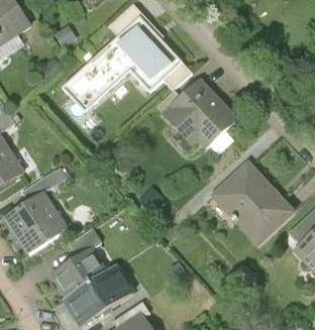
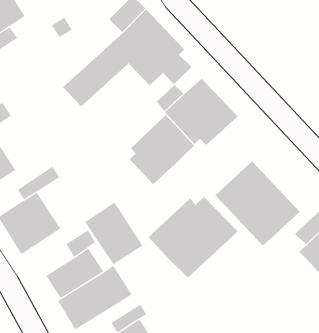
building: none -> [129,114,195,185]
building: none -> [148,196,239,279]
building: none -> [85,202,143,265]

